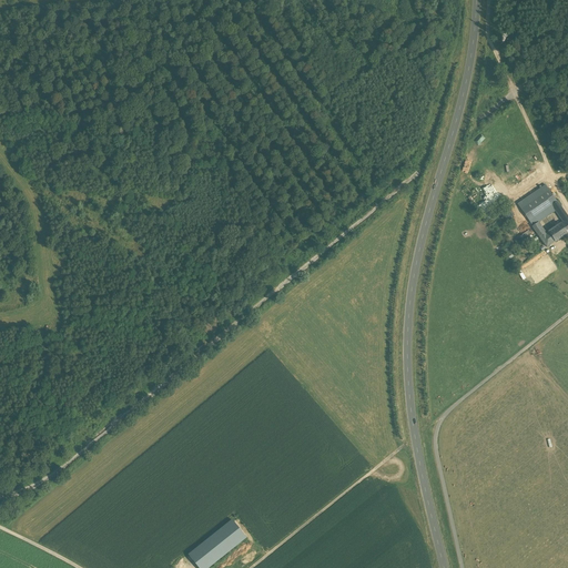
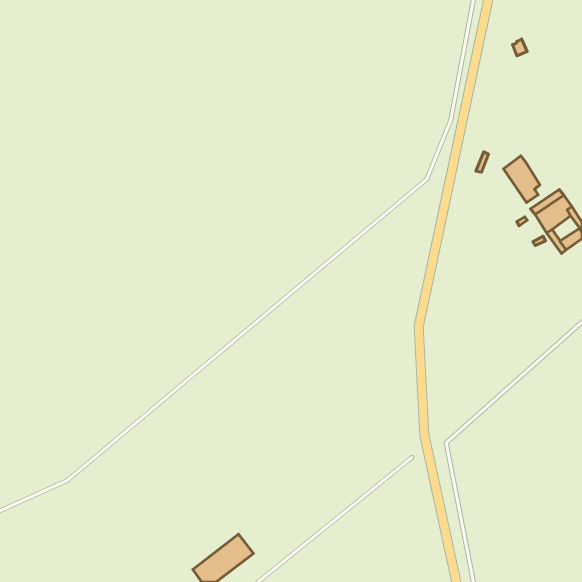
building: none -> [504,156,540,202]

